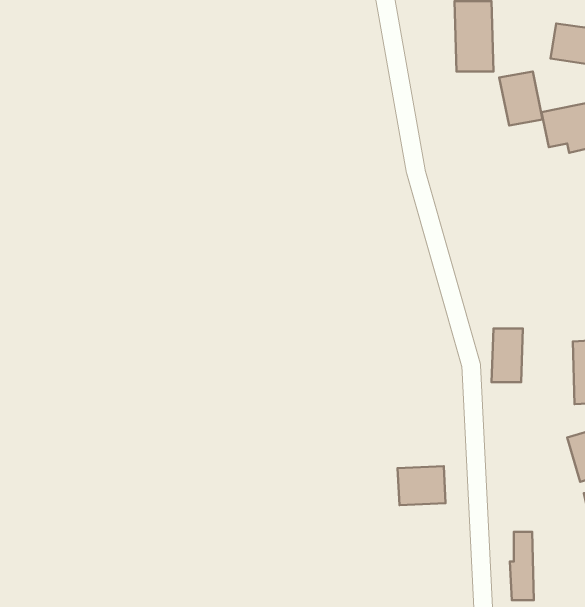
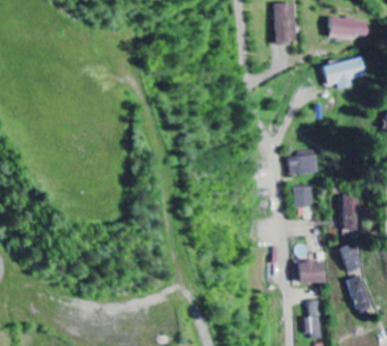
building: [499,72,543,125] -> none
building: none -> [288,150,317,173]
building: [398,466,446,505] -> [298,261,325,283]

